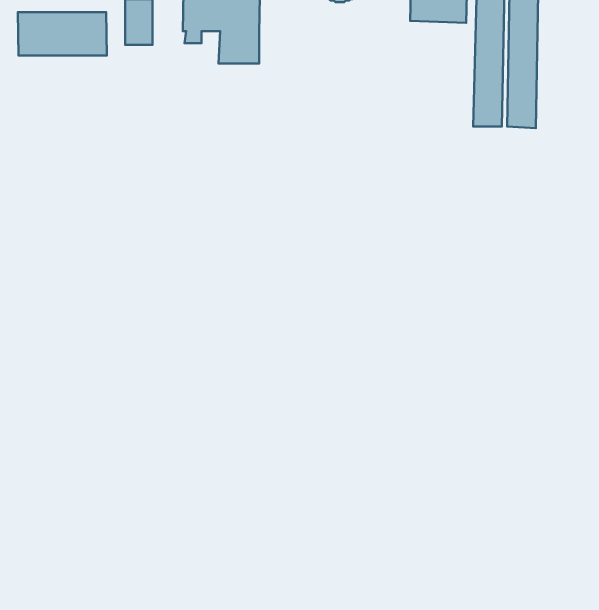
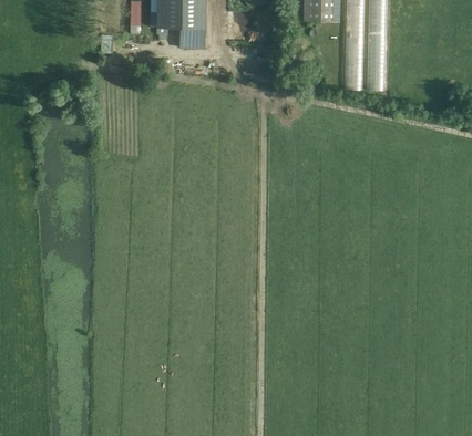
building: [18,12,107,55] -> none

